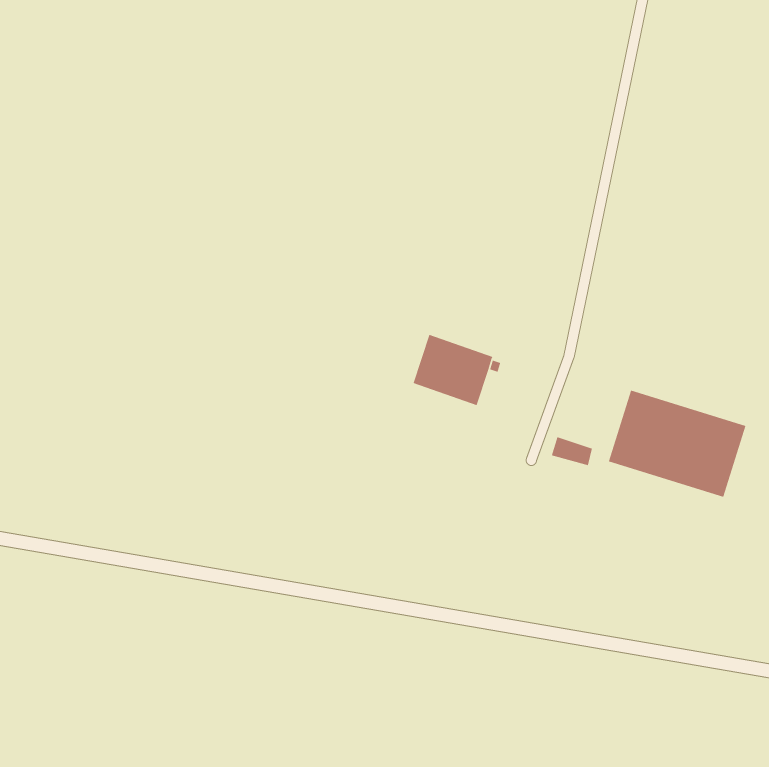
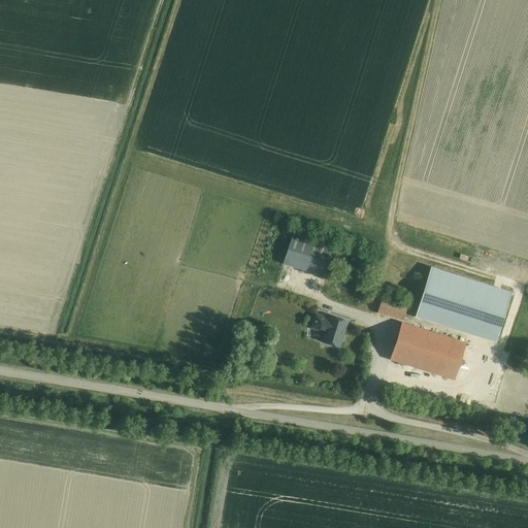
building: none -> [310,314,348,346]
building: none -> [391,323,465,378]

